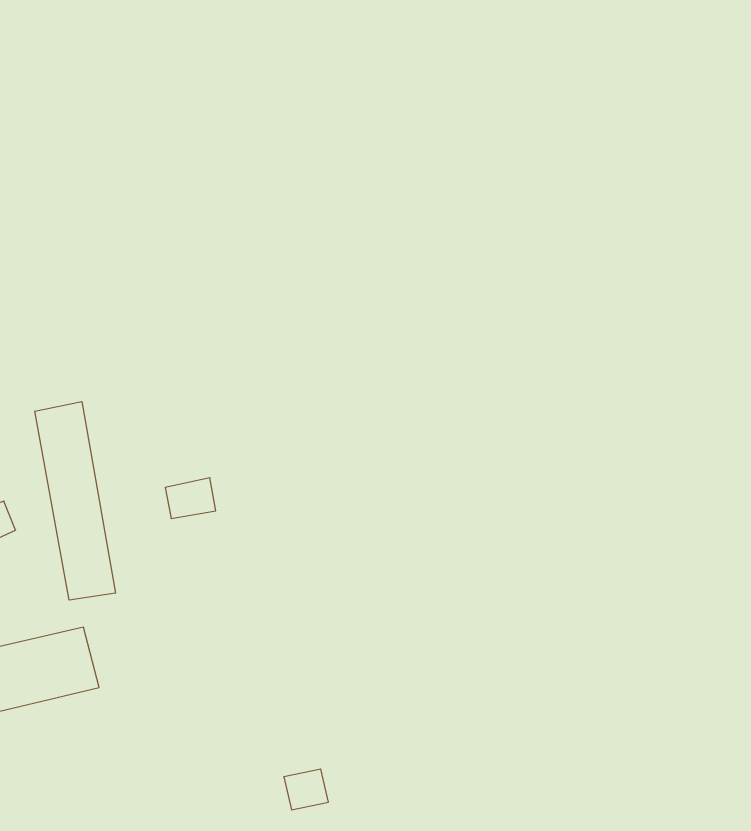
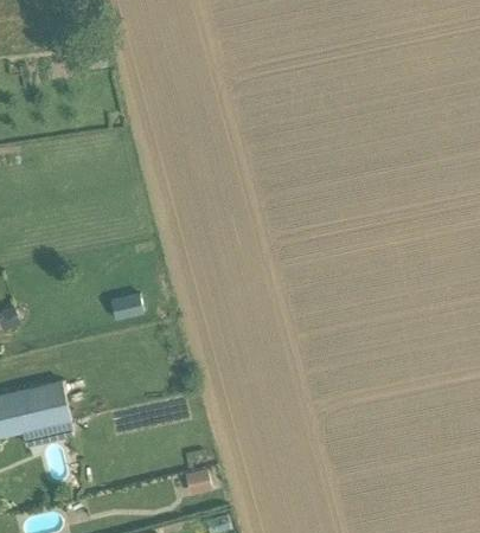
building: [35,402,116,600] -> none

